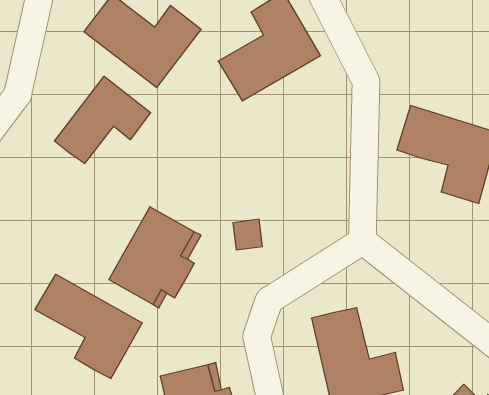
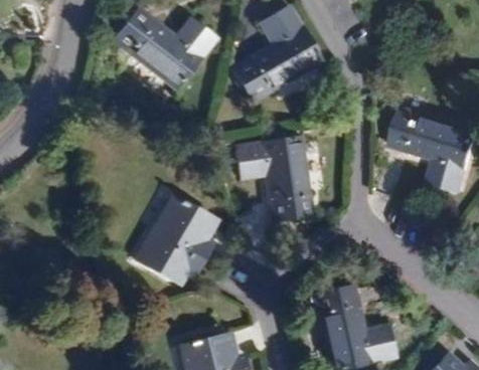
building: [55,76,151,163] -> none
building: none -> [236,136,313,221]
building: [35,274,142,379] -> none

